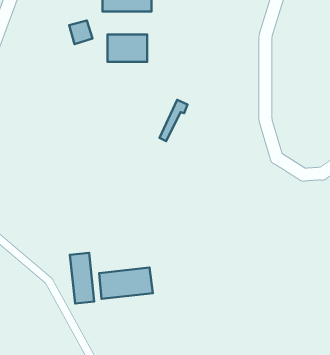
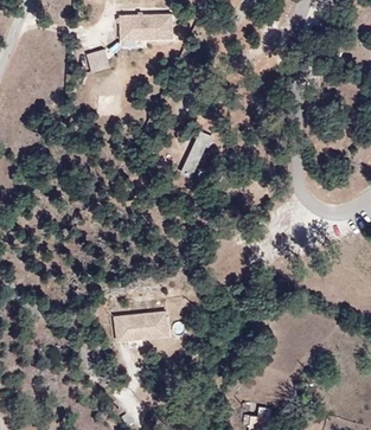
building: [108,34,147,62] -> none
building: [70,253,94,304] -> none

